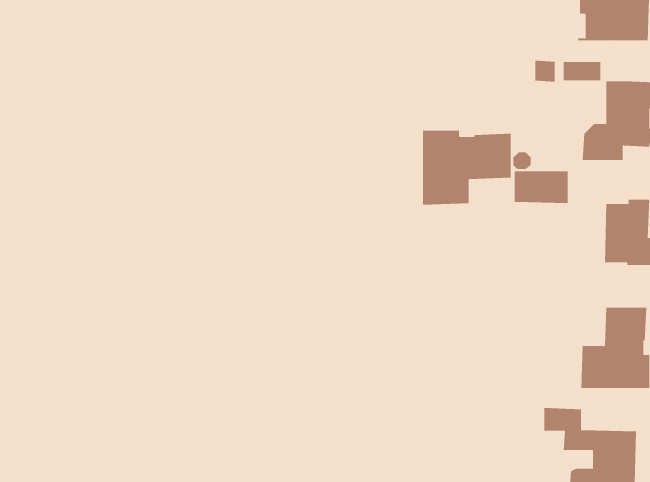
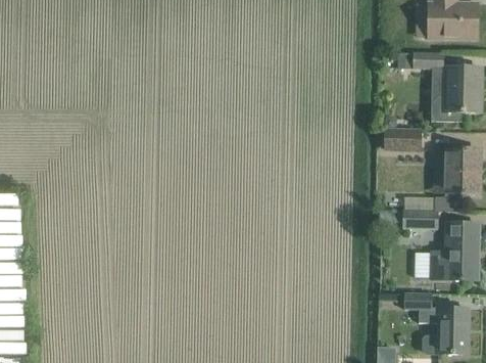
building: [422,130,511,206] -> none
building: none -> [401,209,435,226]

